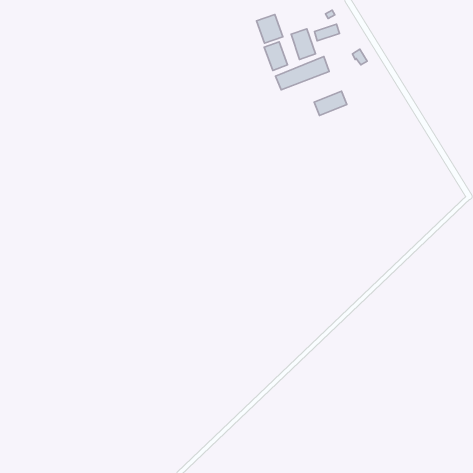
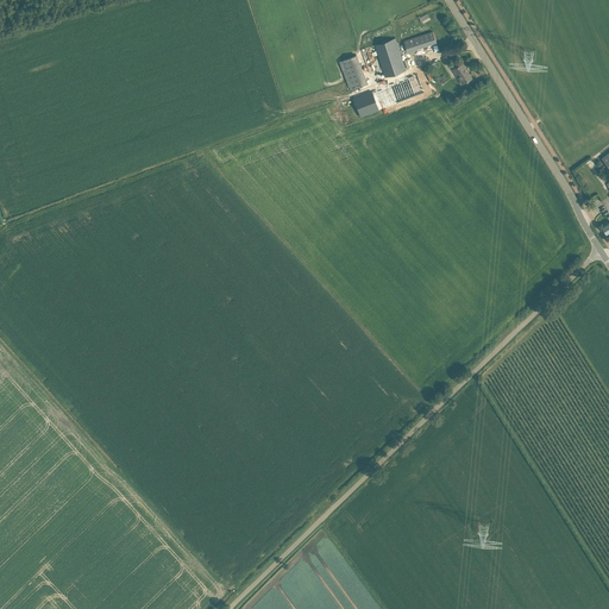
building: [257,14,283,43] -> none
building: [314,91,347,116] -> none

